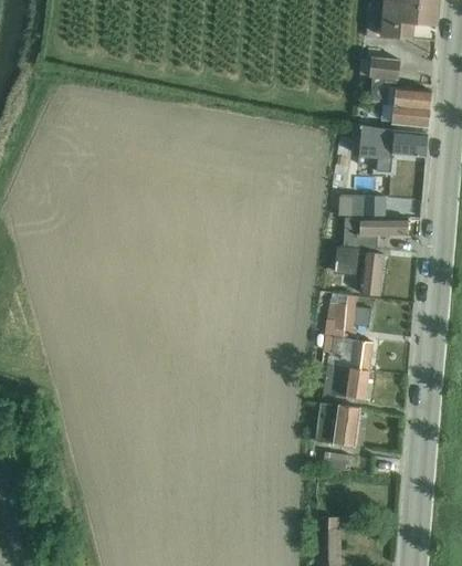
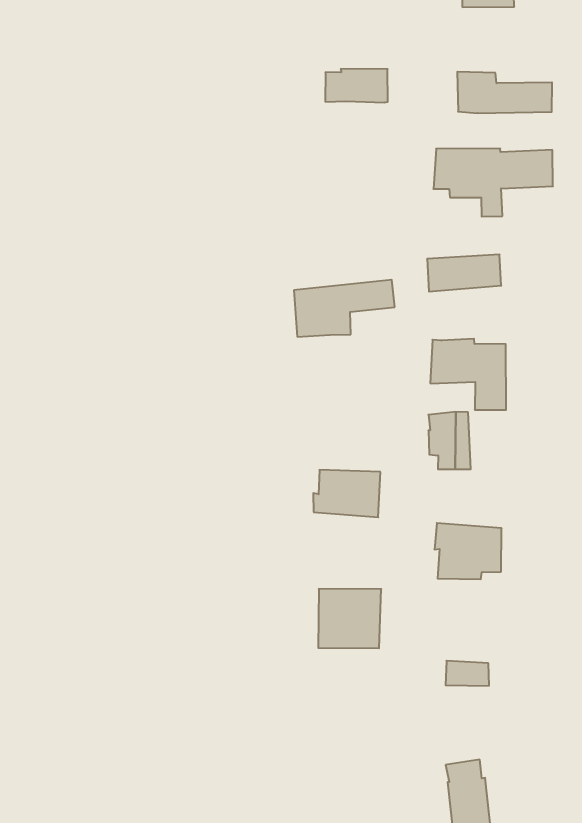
building: [359,56,401,81] -> [325,69,388,102]
building: [381,105,430,127] -> none
building: [344,218,408,250] -> [294,280,395,337]
building: [328,337,374,371] -> [313,470,380,517]
building: [316,403,360,446] -> [318,589,381,648]

